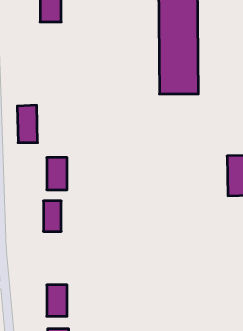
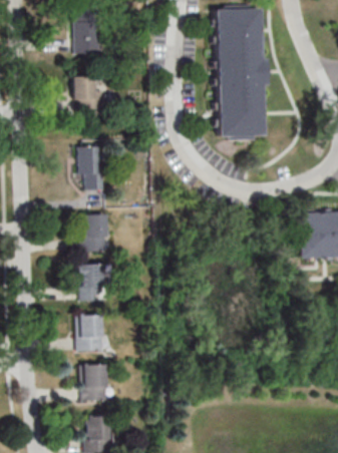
building: none -> [74,76,104,115]
building: [17,105,38,143] -> [80,145,104,189]
building: none -> [78,315,103,351]

